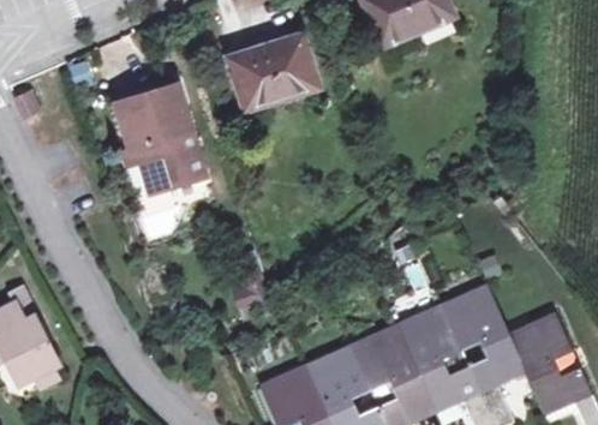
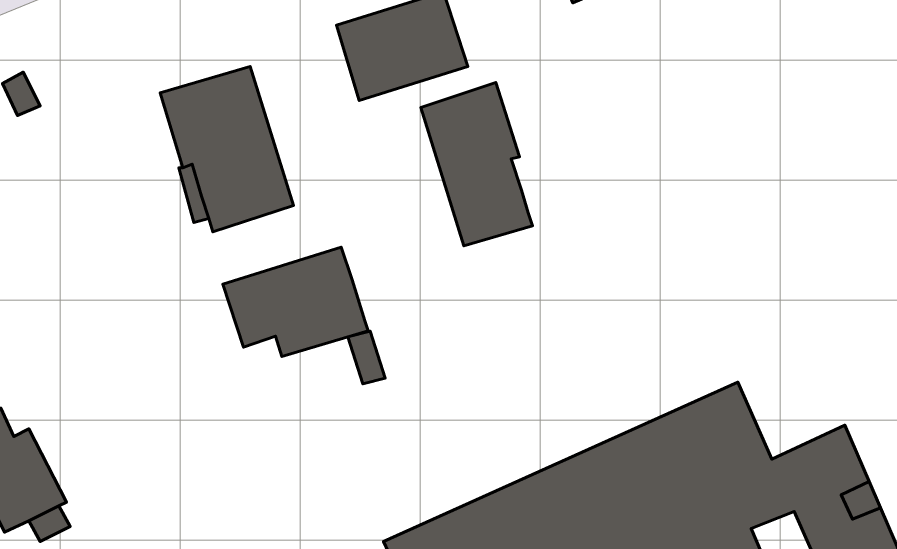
building: none -> [421,83,532,246]
building: none -> [223,247,368,357]

